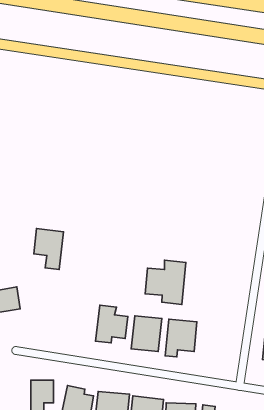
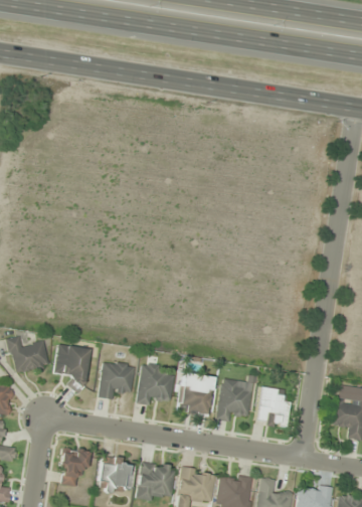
building: [34,228,63,269] -> [55,344,89,391]
building: [145,260,186,304] -> none
building: none -> [99,360,136,399]
building: none -> [255,386,291,427]

